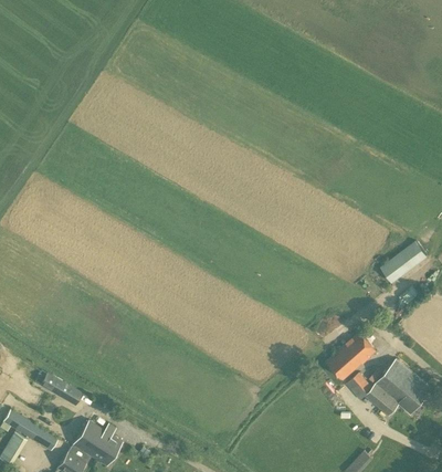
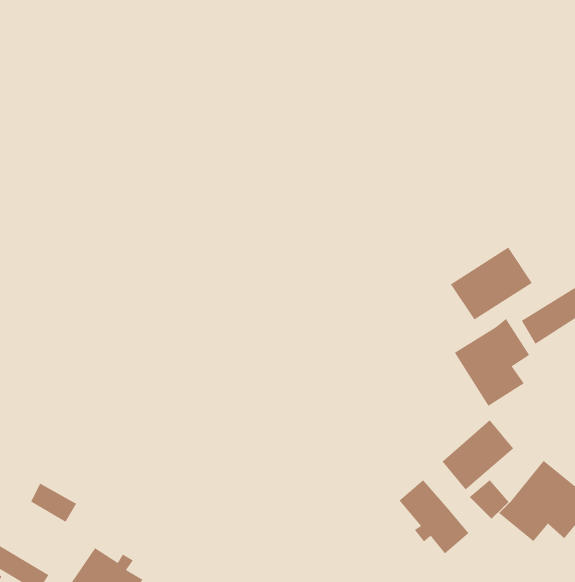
building: none -> [450,247,533,321]
building: none -> [454,318,530,407]
building: none -> [399,479,470,555]

